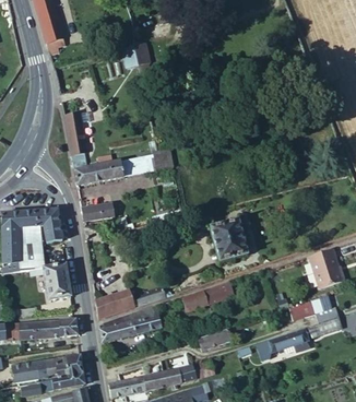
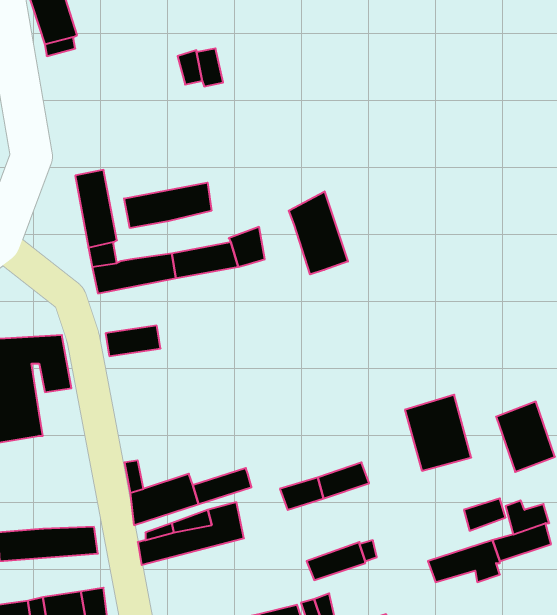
building: none -> [124,183,211,228]
building: none -> [289,191,348,274]
building: [210,218,248,262] -> [405,395,471,471]
building: [44,264,71,300] -> none

